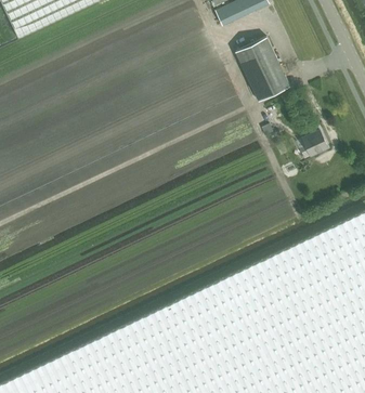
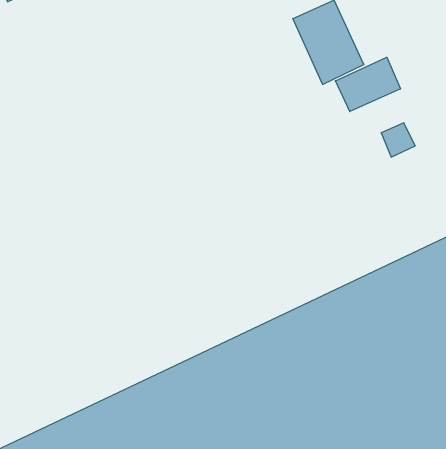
building: none -> [335,57,401,112]

